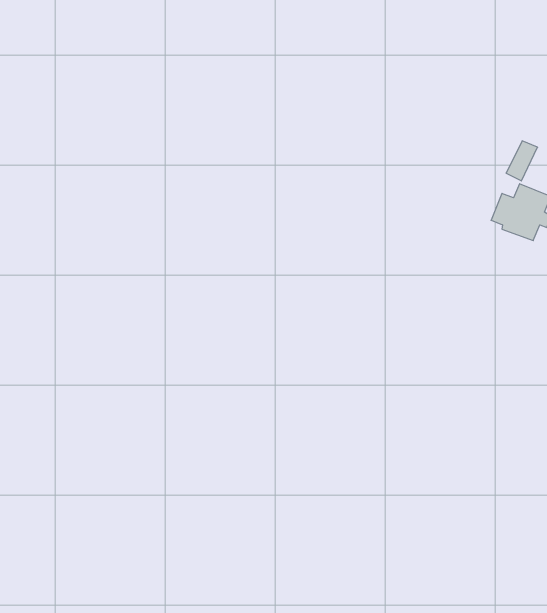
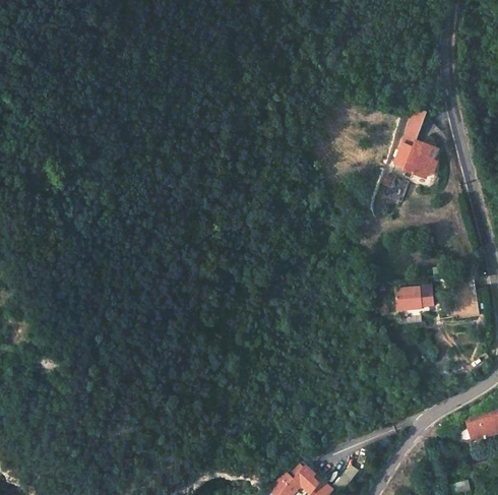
building: none -> [394,286,425,314]

